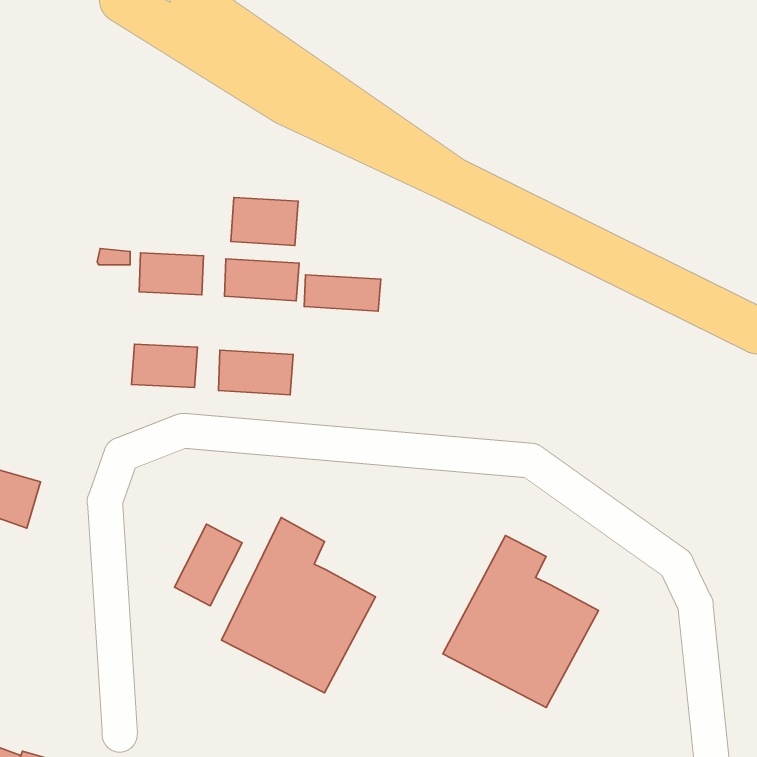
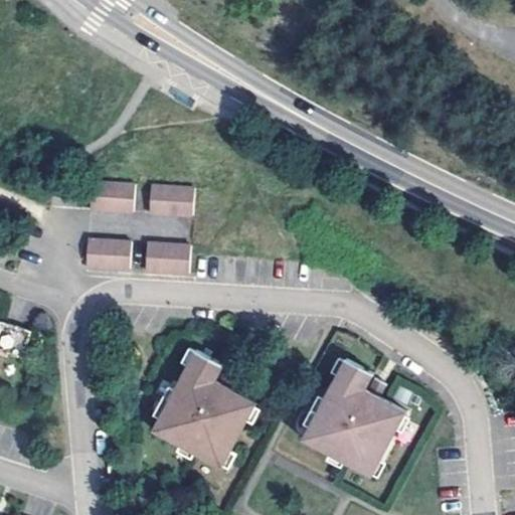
building: [231,197,298,246] -> none
building: [304,275,381,311] -> none
building: [174,524,242,606] -> none

